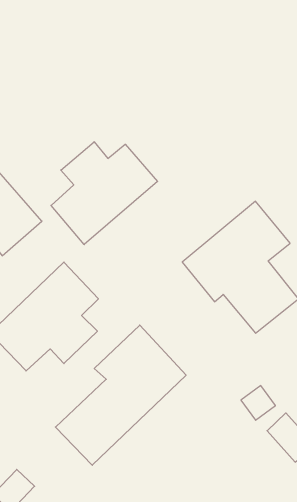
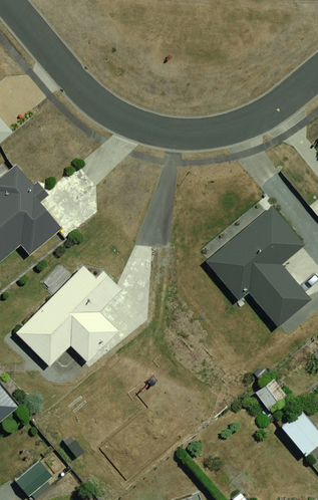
building: [51,142,158,245] -> none
building: [55,325,186,465] -> none

